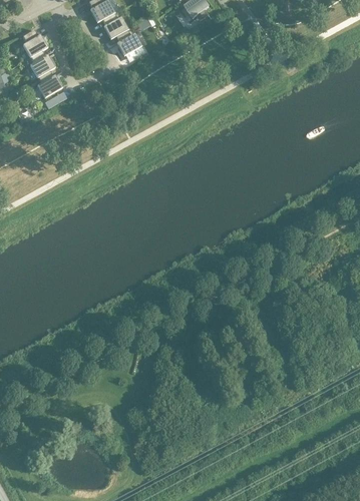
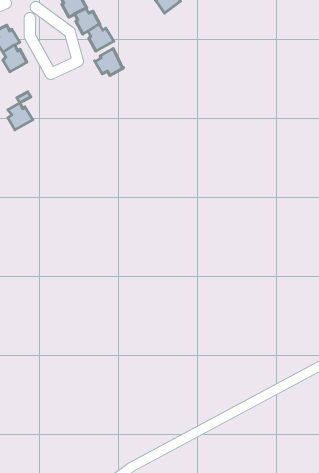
building: none -> [95,49,124,75]
building: [37,69,62,96] -> [8,103,33,130]

